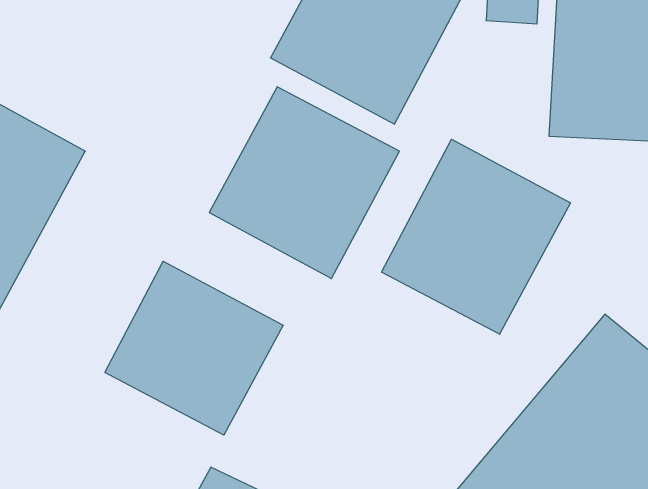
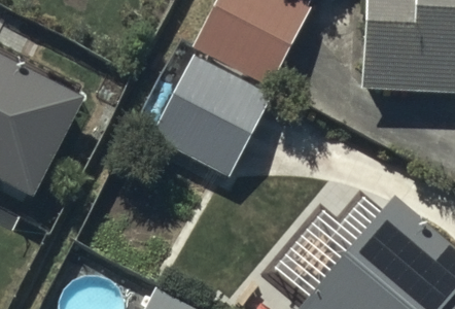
building: [382,139,570,334] -> none
building: [105,261,283,435] -> none

